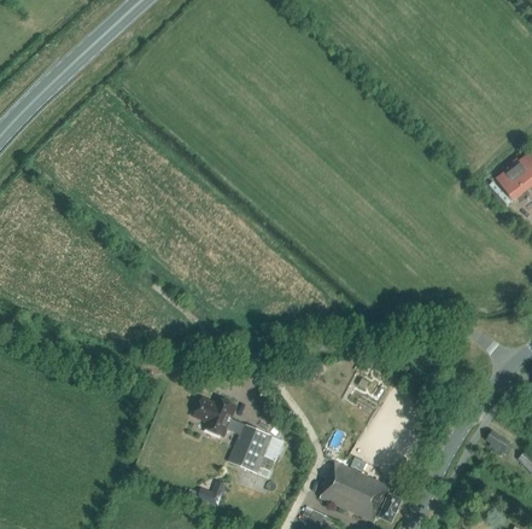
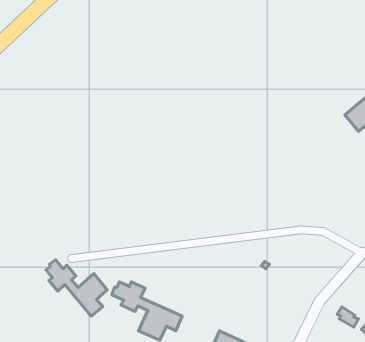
building: none -> [46,260,107,316]

